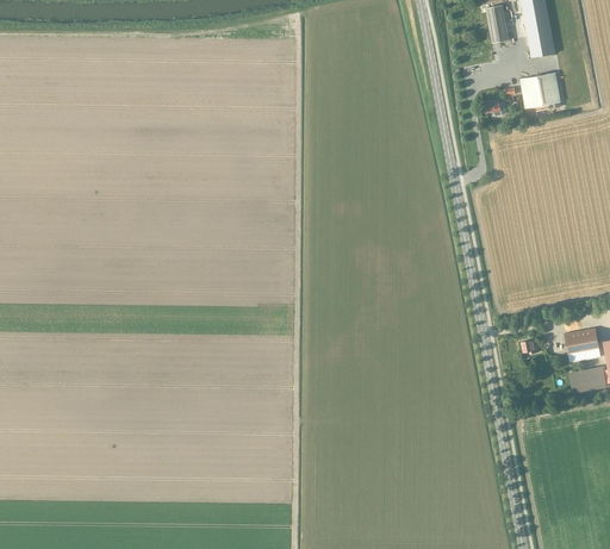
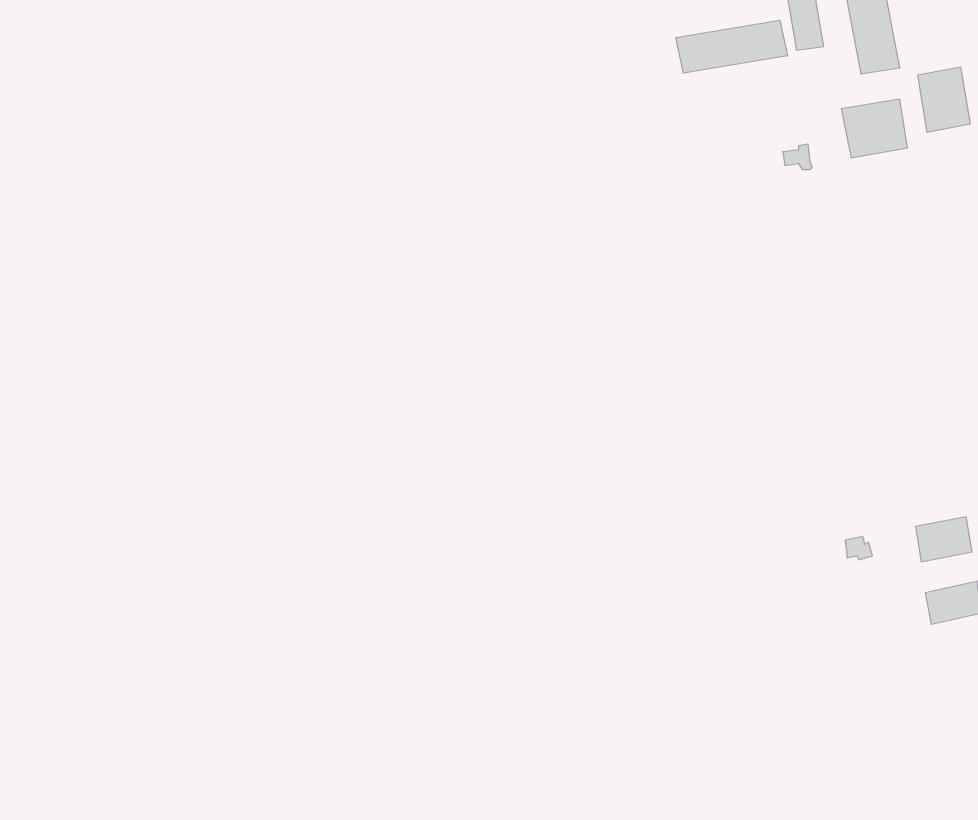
building: none -> [676,20,787,73]
building: none -> [918,67,970,132]

